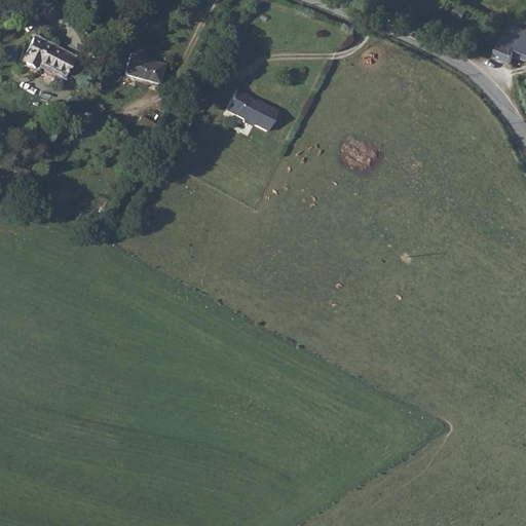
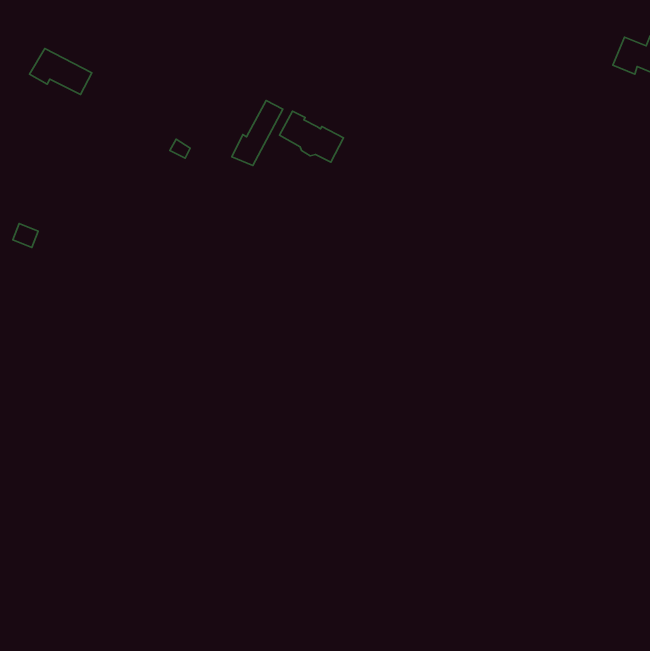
building: [128,58,165,81] -> none
building: none -> [232,101,283,165]

